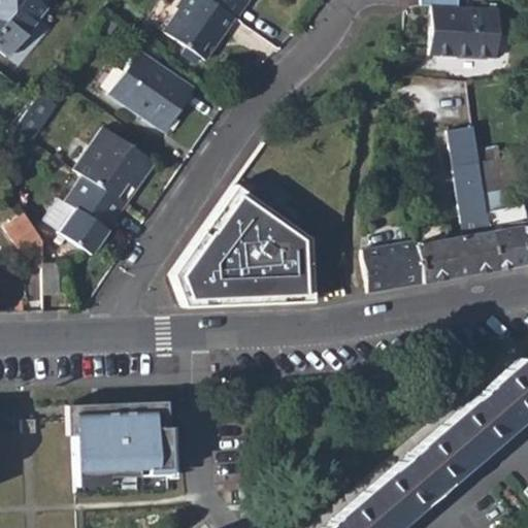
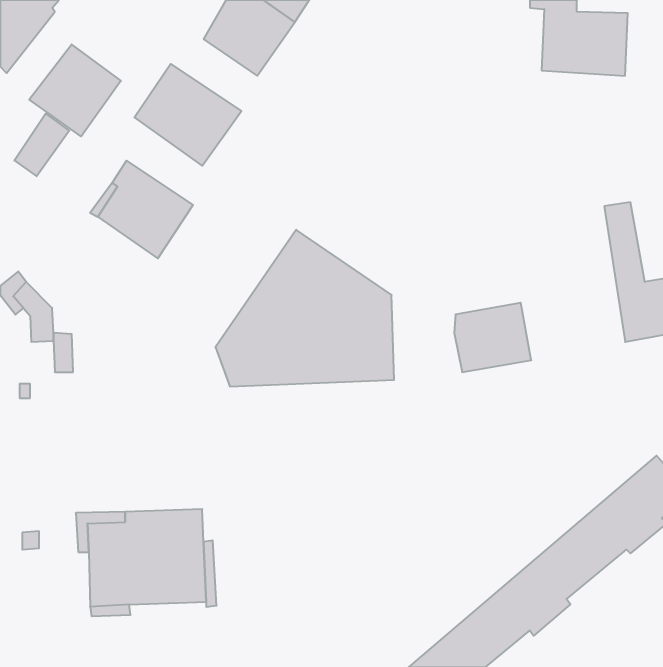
building: none -> [29,44,121,136]
building: [414,126,497,285] -> none
building: [59,174,128,257] -> none

